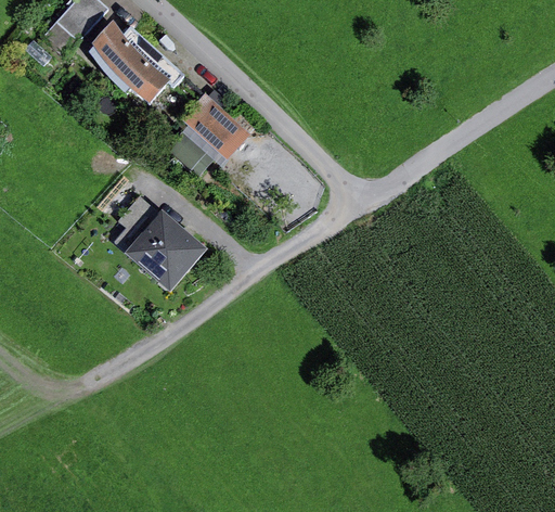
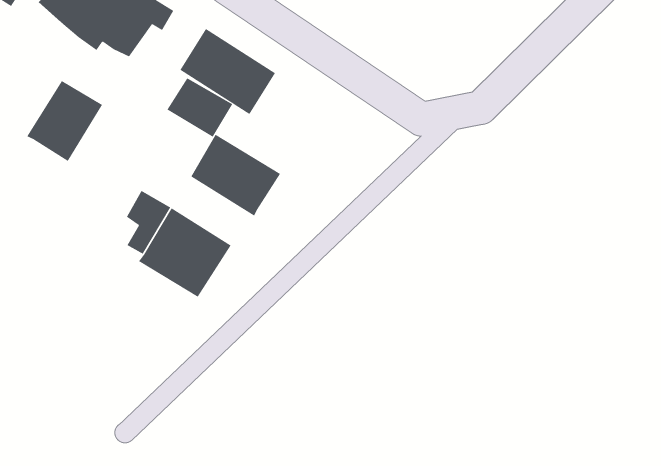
building: none -> [27,80,103,162]
building: none -> [190,134,281,217]

